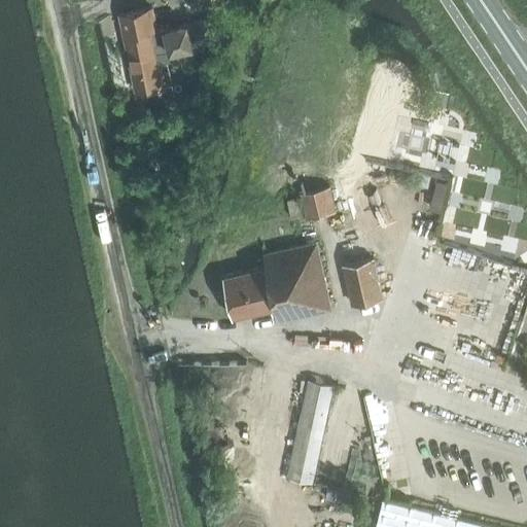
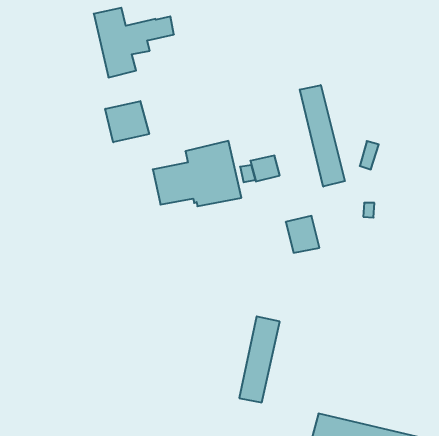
building: none -> [300,85,345,187]
building: none -> [105,101,149,142]
building: [224,244,330,322] -> [153,141,241,206]

